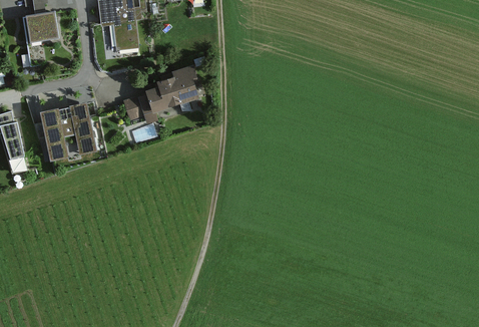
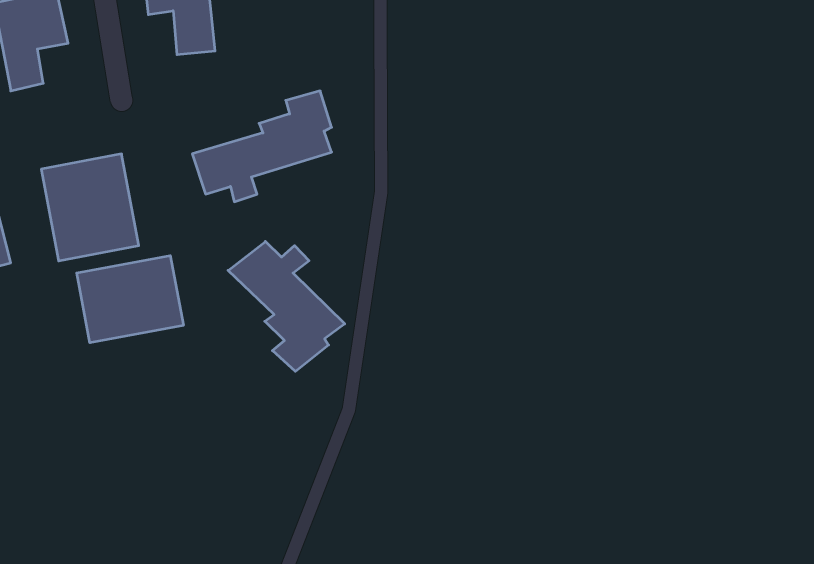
building: none -> [228,241,345,371]
building: none -> [77,256,183,343]

